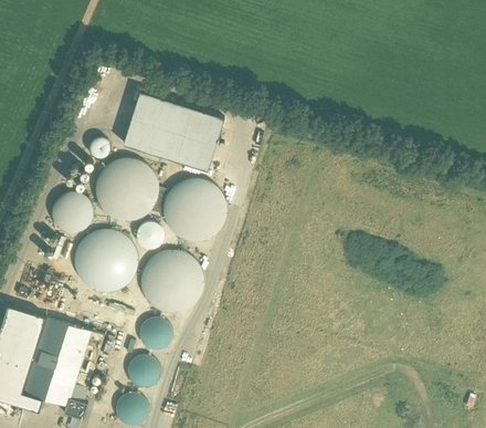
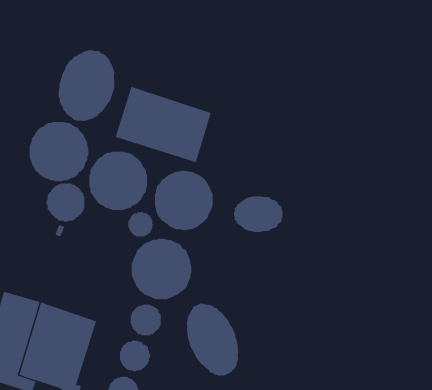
building: none -> [58,49,115,122]
building: none -> [233,195,283,233]
building: [74,230,137,293] -> [29,121,89,182]
building: none -> [186,302,239,376]

